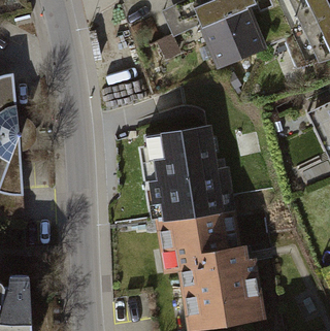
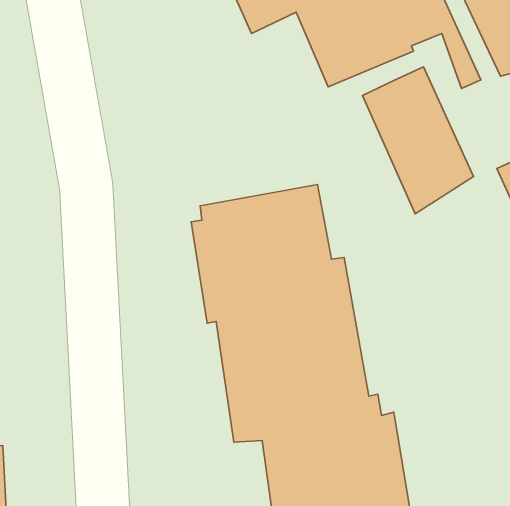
building: none -> [363,67,474,214]

